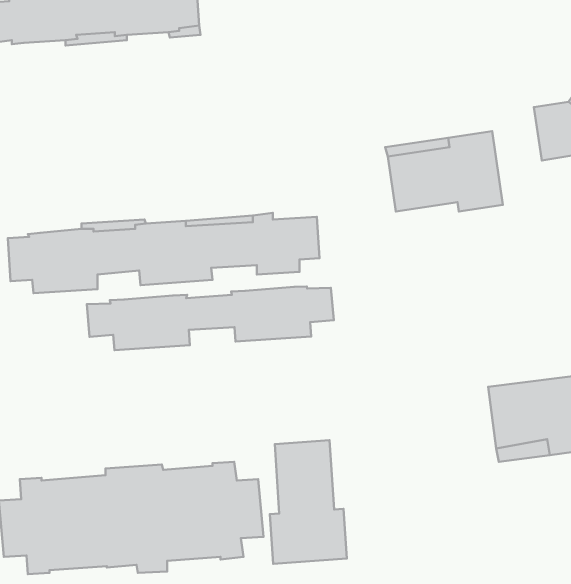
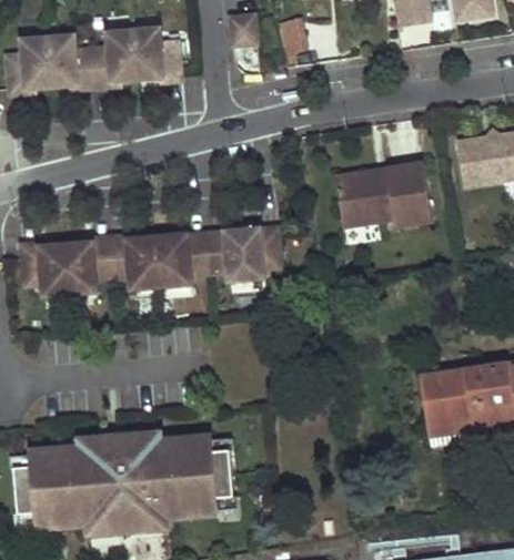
building: [87,286,334,350] -> none
building: [270,440,347,564] -> none

